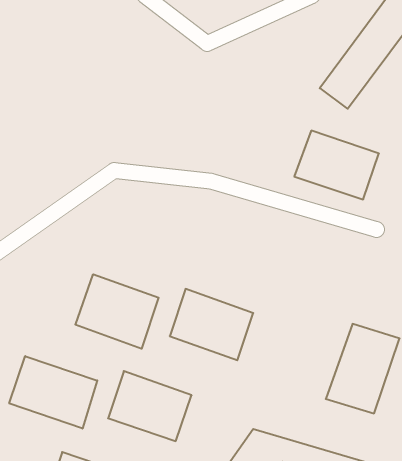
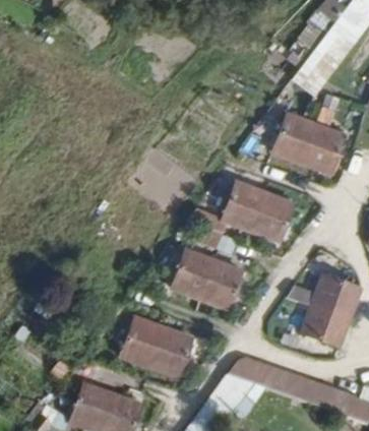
building: none -> [223,180,294,239]
building: [75,274,159,349] -> none
building: [9,356,97,429] -> none

